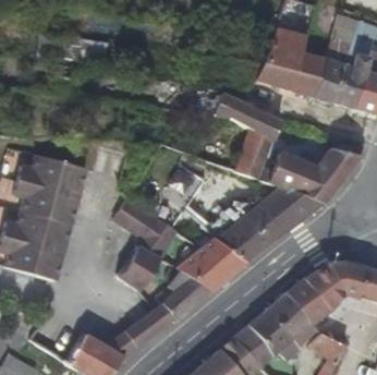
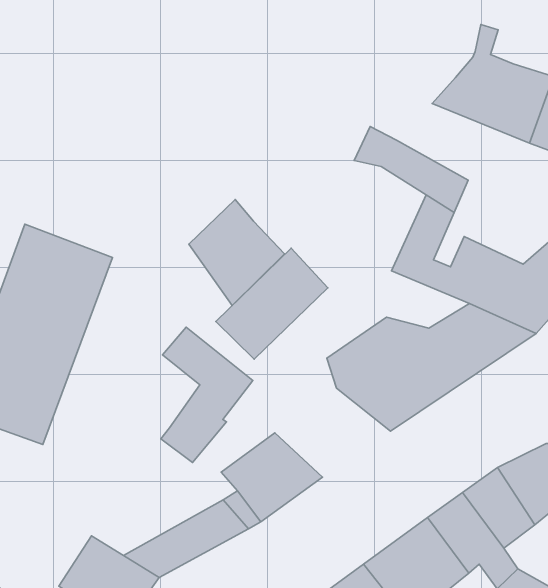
building: none -> [189,199,285,306]
building: [178,241,246,291] -> none

